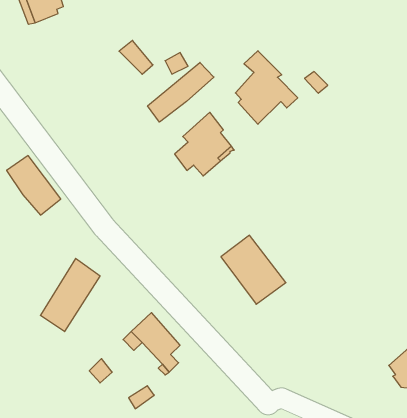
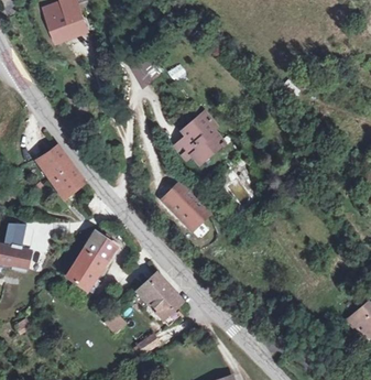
building: [235,51,298,124] -> none
building: [148,62,214,122] -> none
building: [221,235,286,304] -> [157,176,210,232]

